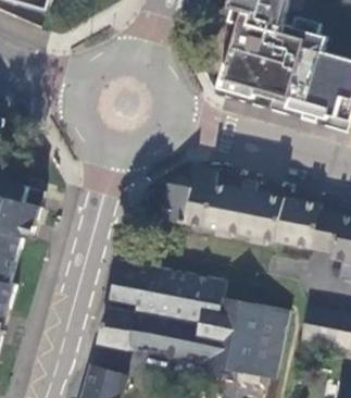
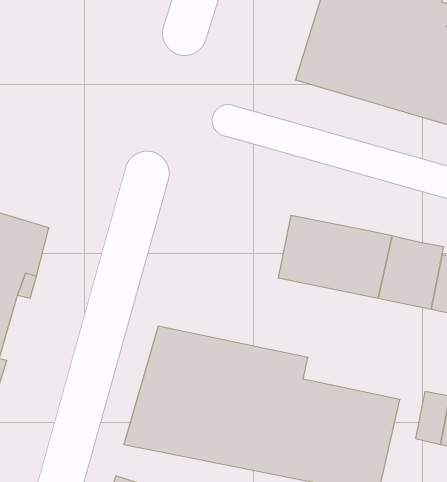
building: [160,167,215,228] -> none

